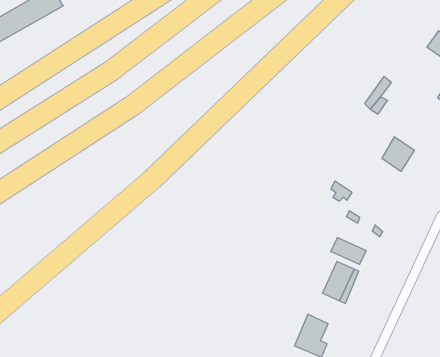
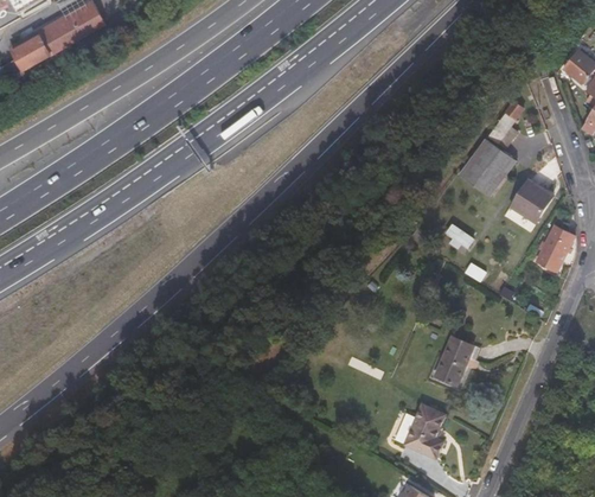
building: none -> [456,144,512,200]
building: none -> [536,230,574,275]
building: [331,237,366,265] -> none

